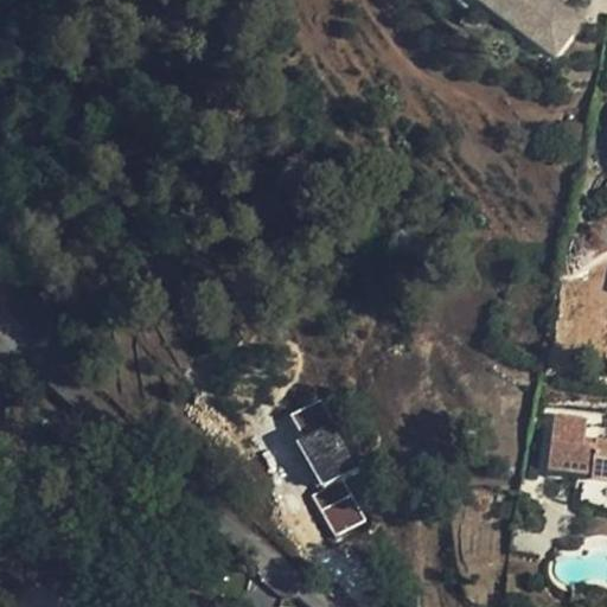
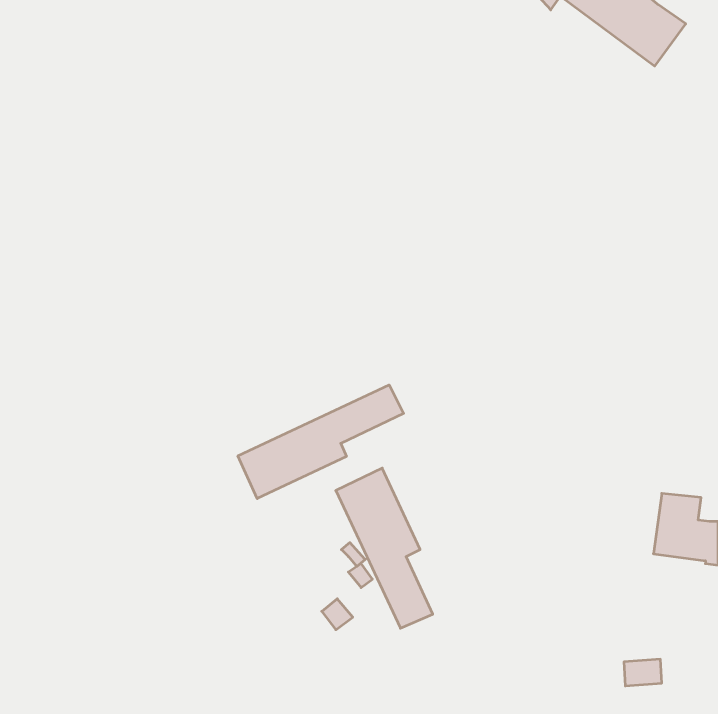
building: none -> [238,385,404,499]

